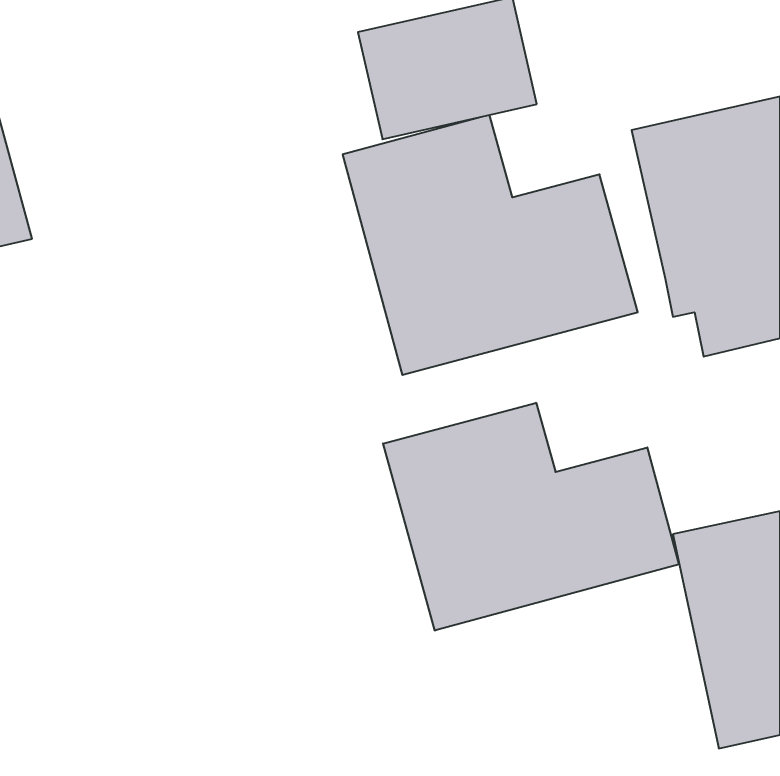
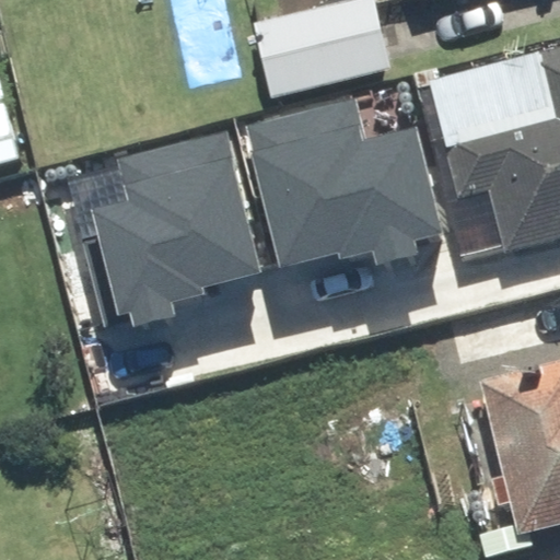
building: none -> [81,120,277,324]
building: [383,403,679,631] -> none

